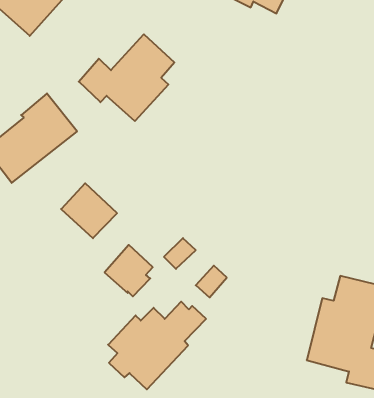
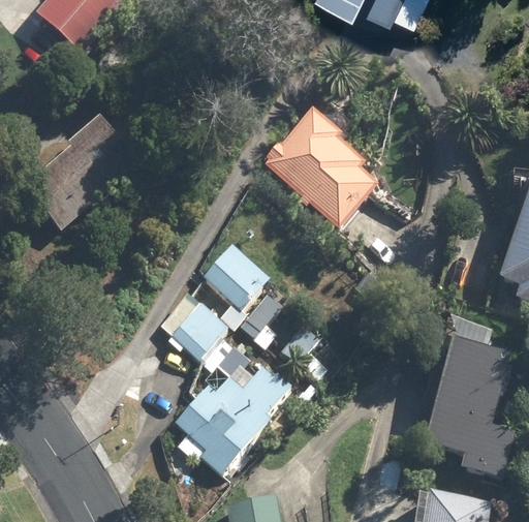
building: [79,34,174,121] -> none
building: none -> [264,110,380,231]
building: [61,183,117,238] -> [201,243,269,309]

